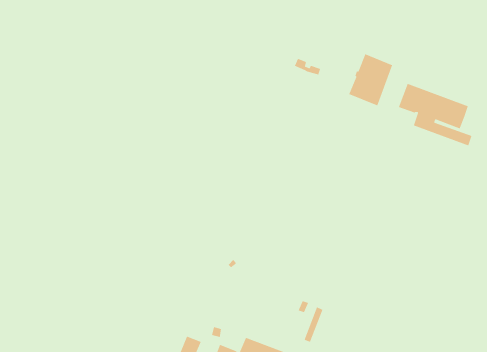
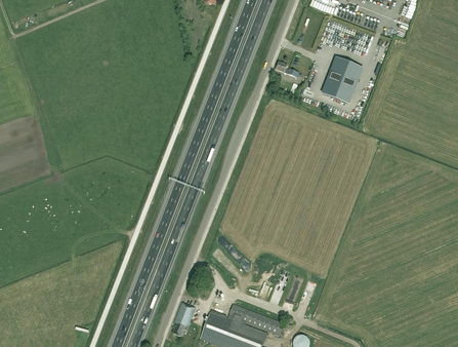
building: [398,83,472,147] -> none

